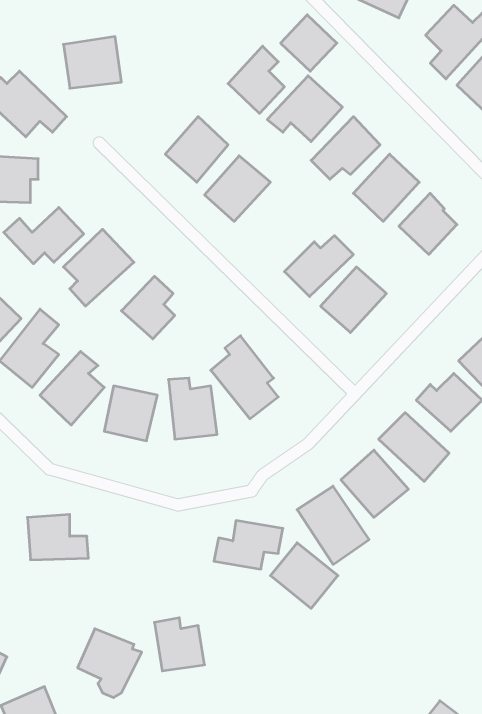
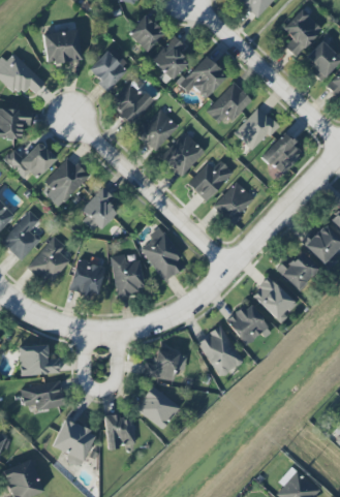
building: [281,15,337,71] -> [128,14,165,52]
building: none -> [88,49,129,90]
building: none -> [162,132,206,177]
building: [270,543,338,608] -> [136,385,181,429]
building: none -> [22,380,64,409]

